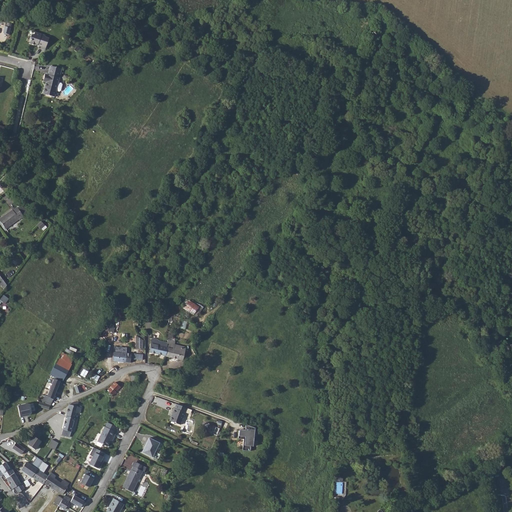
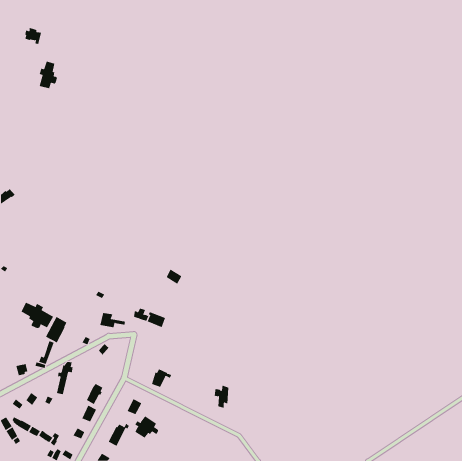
building: none -> [21,302,54,329]
building: none -> [134,415,159,439]

